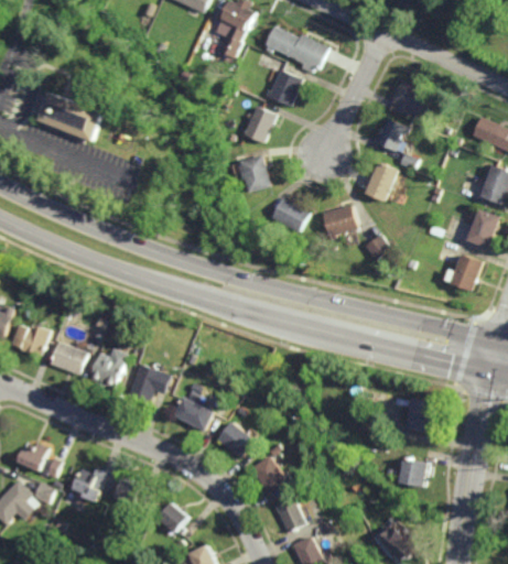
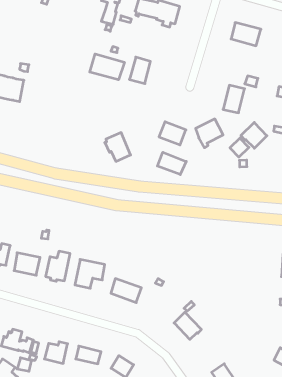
building: [264,68,301,105] -> none
building: none -> [90,54,124,80]
building: [374,117,408,151] -> none
building: [238,154,270,192] -> [105,133,131,161]
building: none -> [241,122,267,148]
building: none -> [157,152,186,175]
building: [218,422,256,458] -> none
building: [277,494,306,531] -> none

